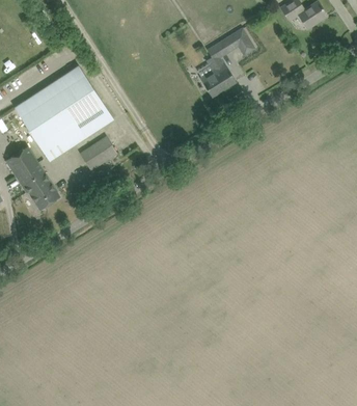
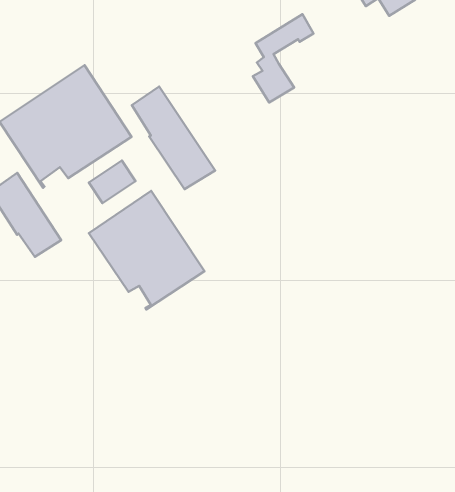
building: none -> [132,86,215,189]
building: none -> [89,191,205,310]

